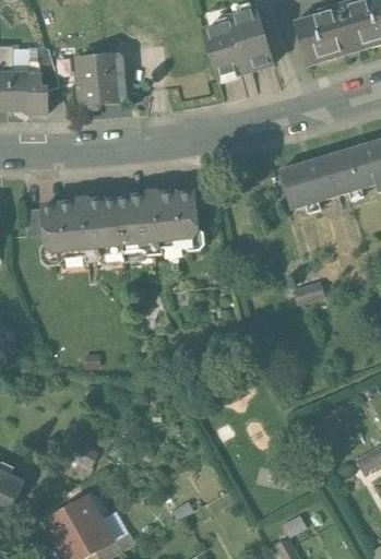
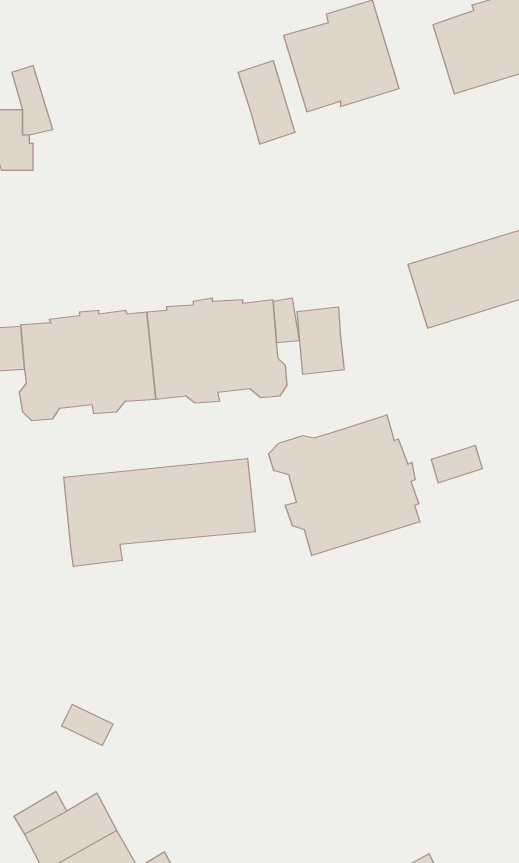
building: none -> [238,61,295,144]
building: [78,53,119,104] -> none
building: none -> [297,307,344,374]
building: none -> [269,415,420,556]
building: none -> [64,458,255,567]

